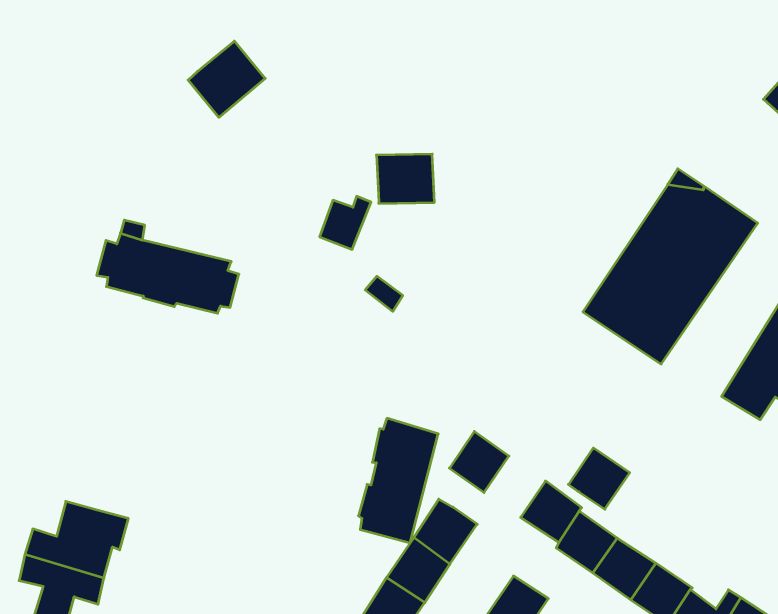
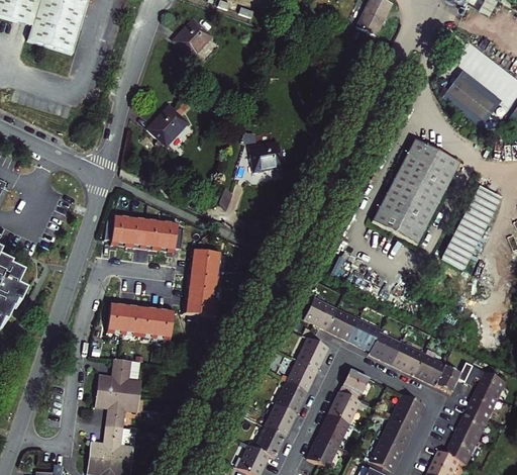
building: none -> [109,303,173,340]
building: [358,418,438,543] -> [187,252,222,315]
building: [568,448,630,509] -> [327,306,358,338]

